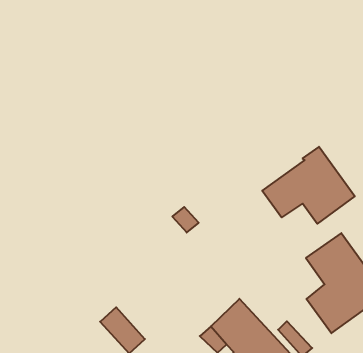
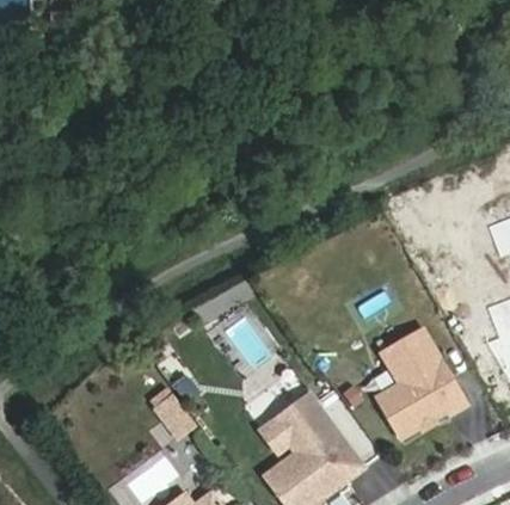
building: [262,147,355,224] -> none

